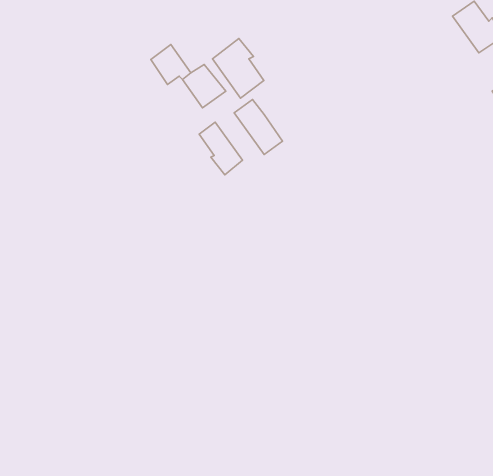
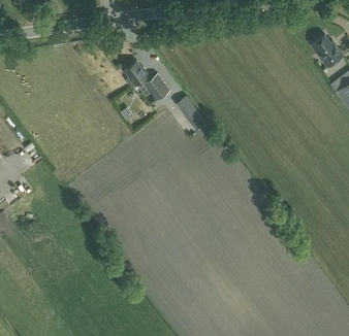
building: [213,39,264,98] -> none
building: [199,122,243,175] -> none

